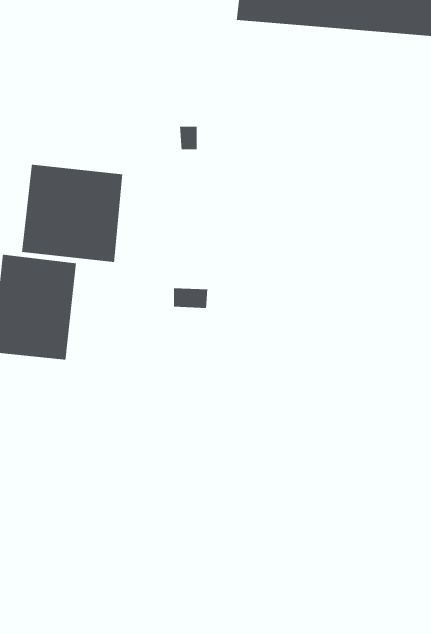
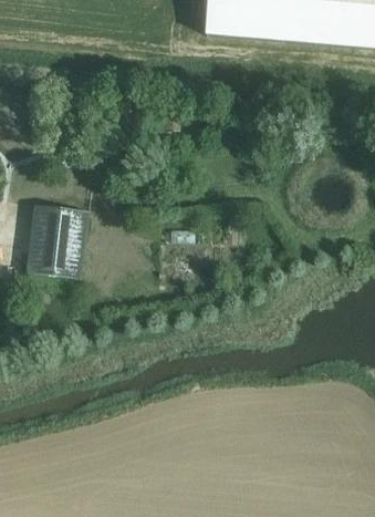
building: [21,164,123,263] -> none

